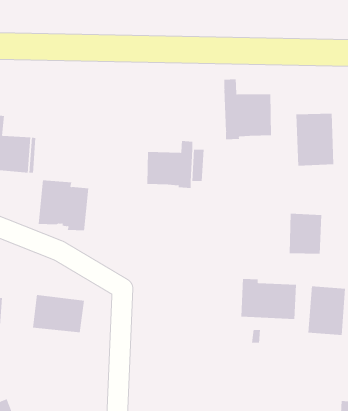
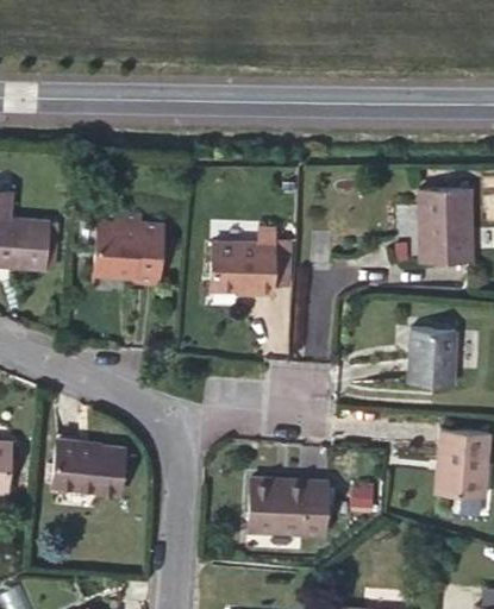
building: [224,78,272,140] -> none
building: [38,180,89,231] -> [93,214,164,285]
building: [241,278,297,319] -> [248,479,326,536]

